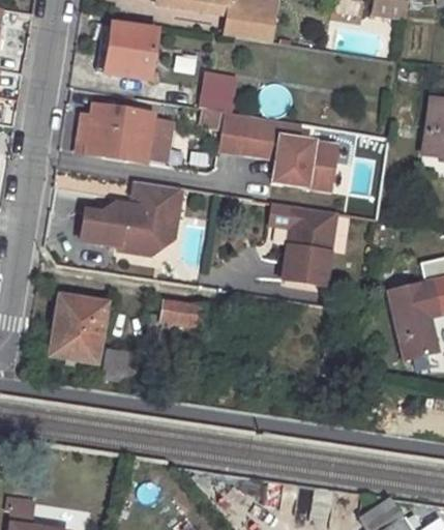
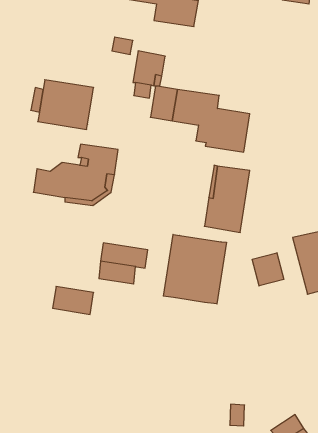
building: [103,24,153,80] -> none
building: [144,118,171,160] -> none
building: none -> [163,234,226,304]
building: [51,296,105,360] -> none
building: none -> [252,253,284,286]

